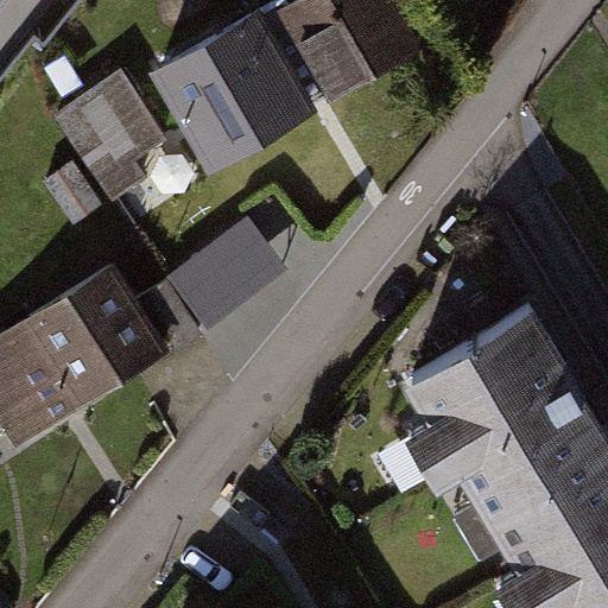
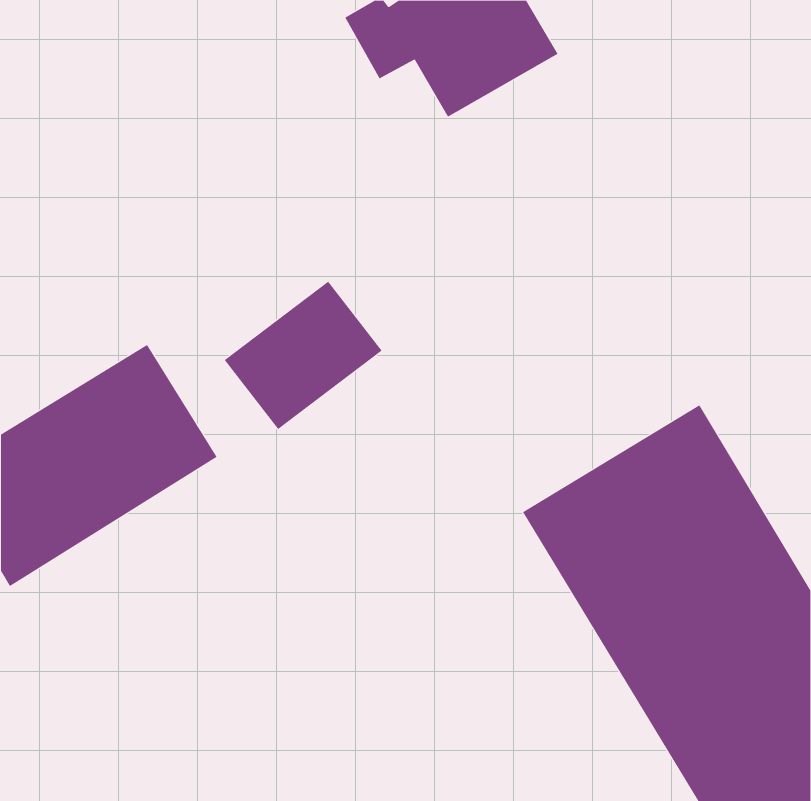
building: [164,20,310,165] -> none
building: [39,72,165,228] -> none

